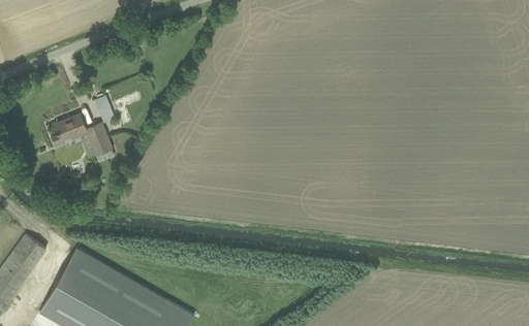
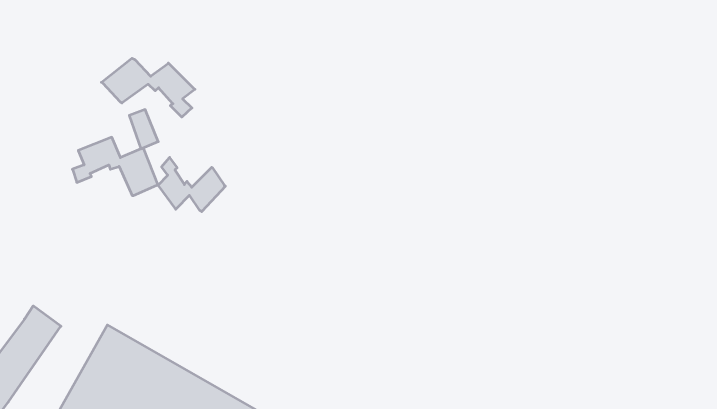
building: none -> [101,58,195,117]
building: none -> [158,157,225,212]

